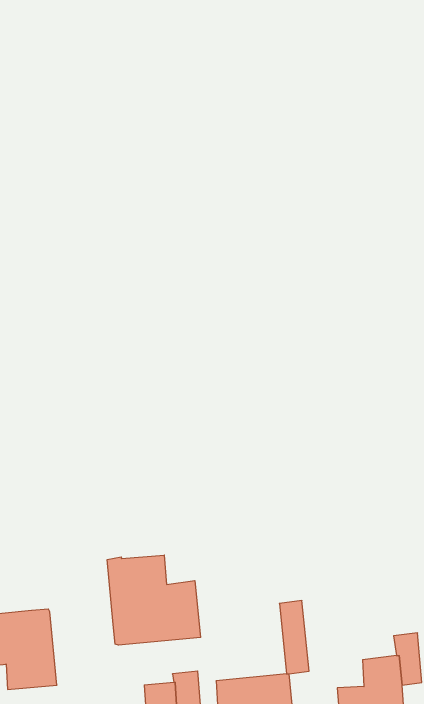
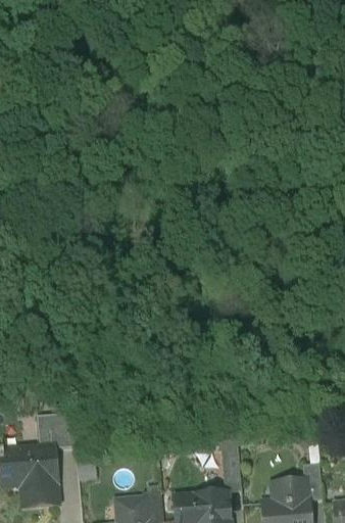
building: [107,555,201,645] -> none
building: none -> [37,415,75,449]

